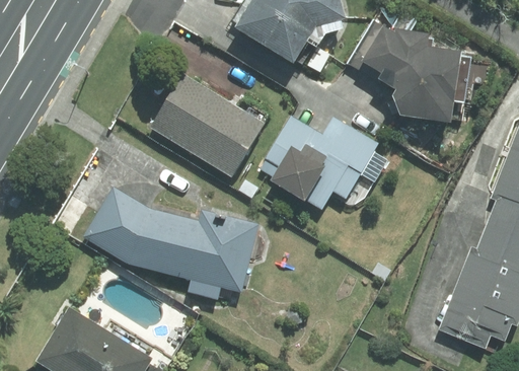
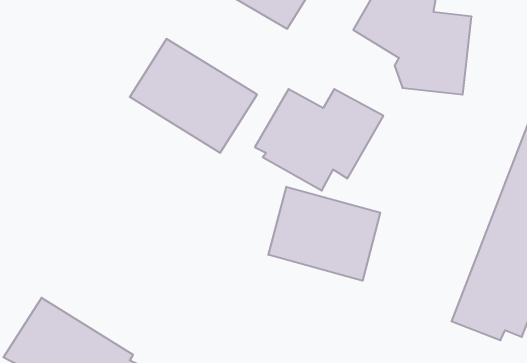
building: [85,185,260,298] -> none
building: none -> [268,187,380,281]

